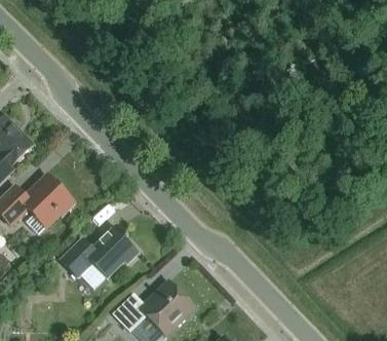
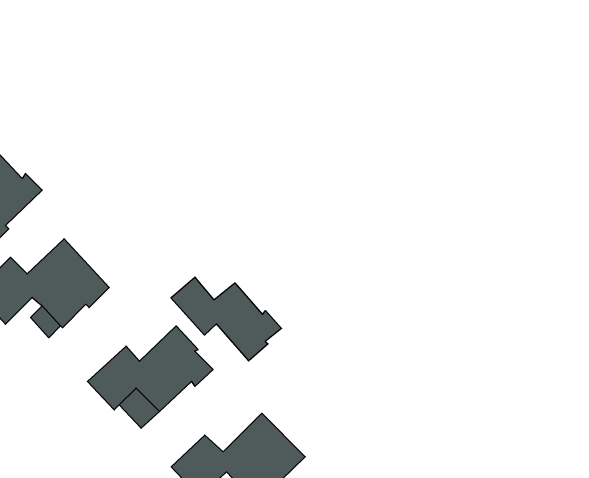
building: none -> [171,277,282,361]

